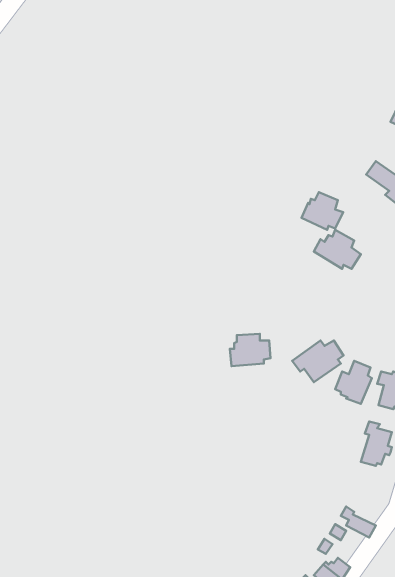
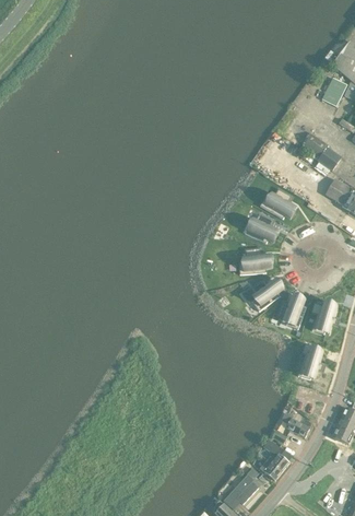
building: [301,192,343,230] -> [245,212,279,243]
building: [230,334,270,366] -> [238,247,271,273]

